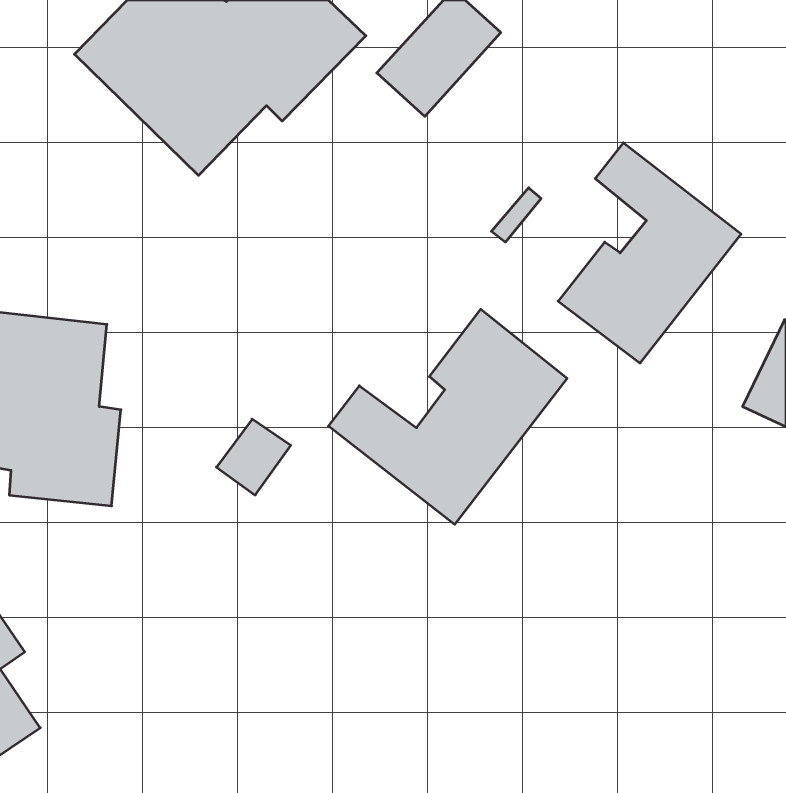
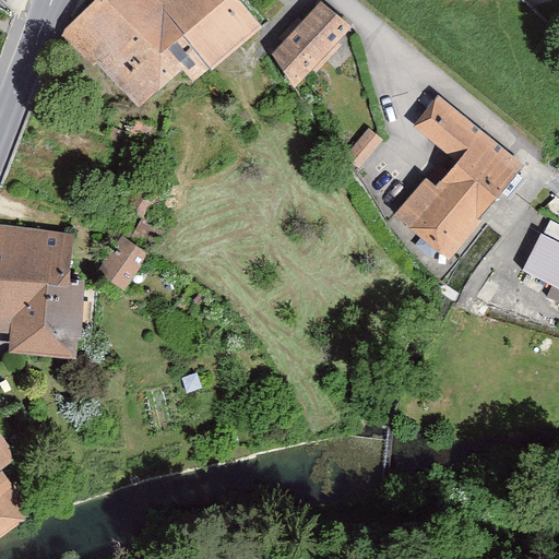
building: [328,309,567,524] -> none
building: [216,419,291,495] -> [97,238,150,292]

